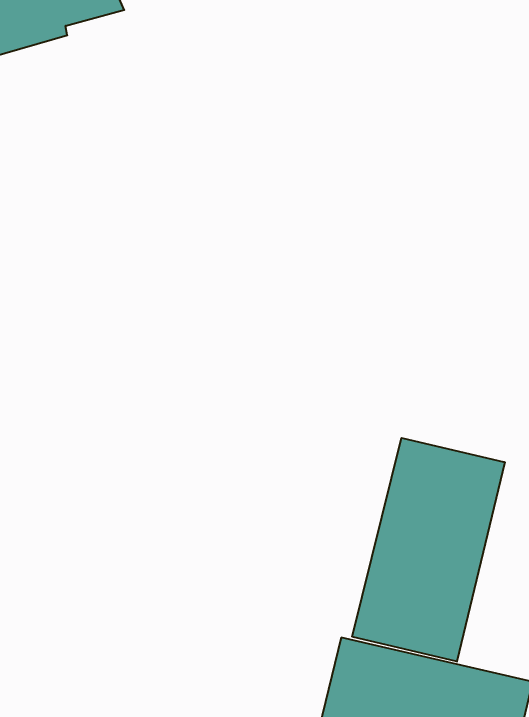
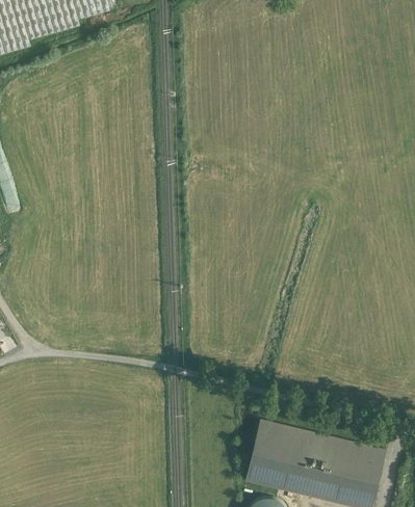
building: [352,438,505,662] -> none

